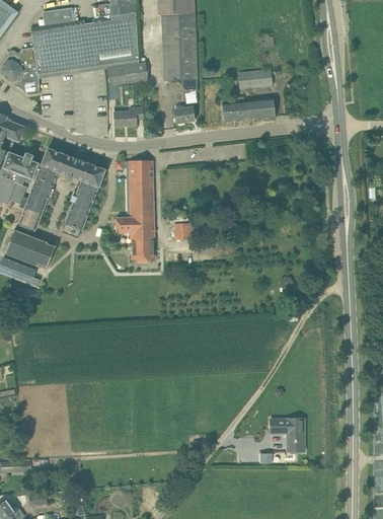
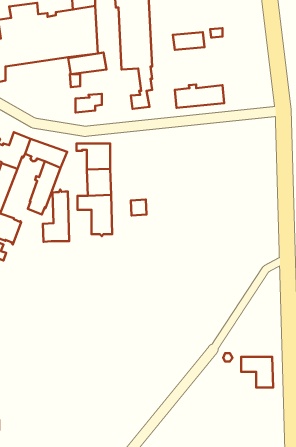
building: [238,69,273,88] -> [173,32,205,50]
building: none -> [43,190,69,242]
building: [271,418,305,451] -> [241,357,273,388]

